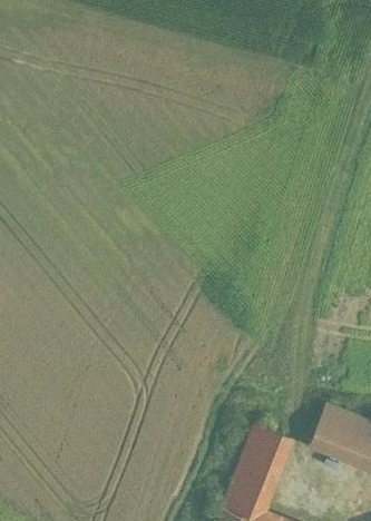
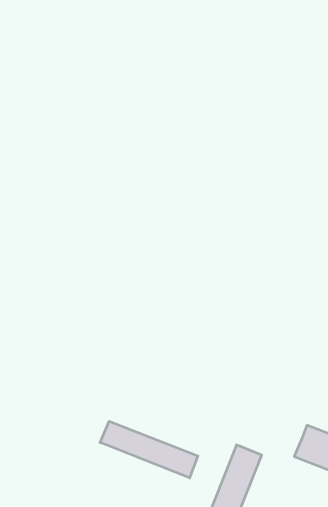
building: none -> [100,421,198,478]

